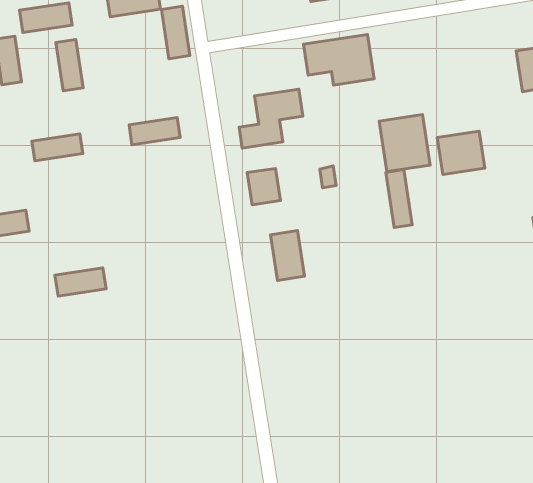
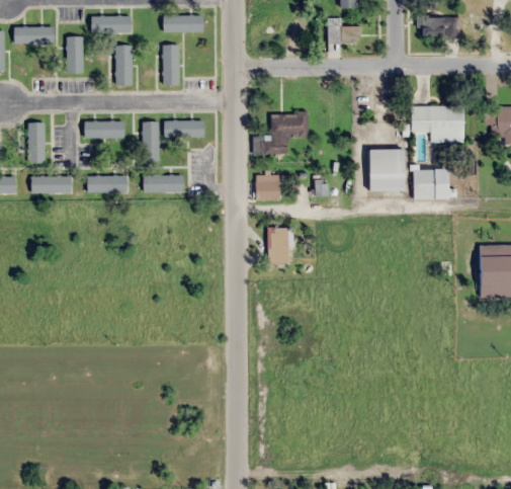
building: [162,6,190,59] -> [164,46,181,86]
building: [303,35,374,85] -> [411,106,463,143]
building: none -> [144,123,161,161]
building: [386,170,412,227] -> none
building: none -> [145,175,184,193]
building: [55,268,106,296] -> [89,176,129,193]

